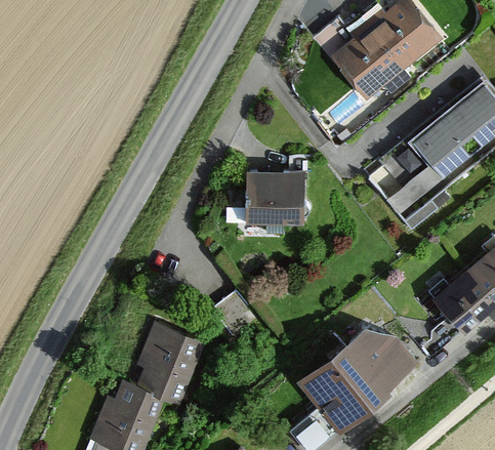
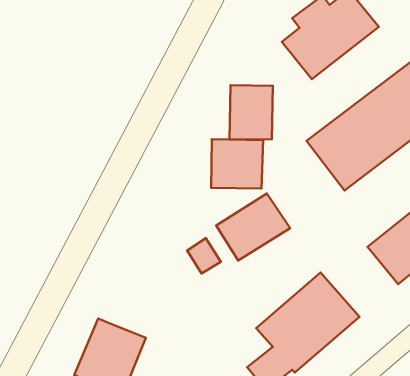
building: none -> [230,85,273,139]
building: none -> [216,193,290,261]
building: [126,322,207,402] -> none

